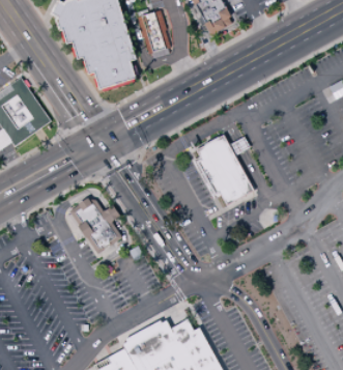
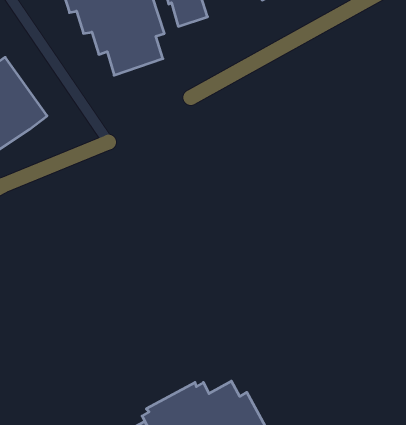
building: [195,136,251,205] -> none
building: [68,198,122,255] -> none

